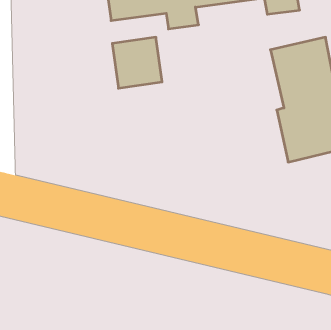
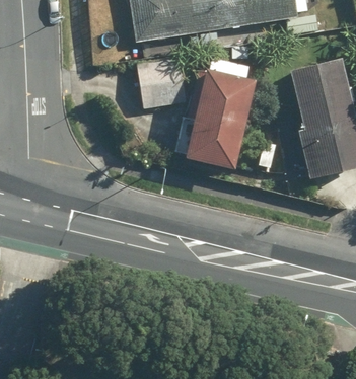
building: none -> [176,57,256,168]

